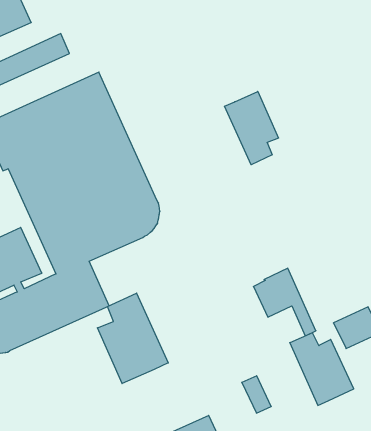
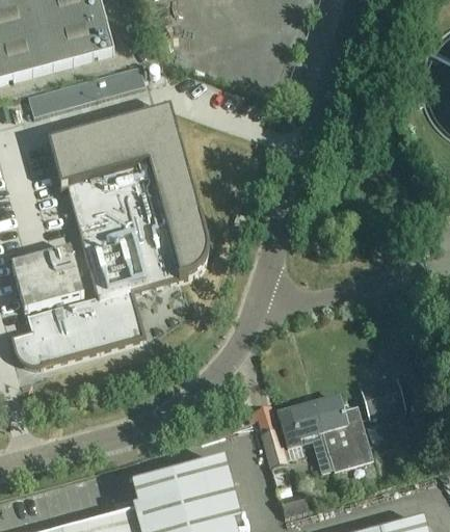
building: [225,91,279,165] -> none
building: [253,268,316,336] -> [277,400,332,469]
building: [97,293,168,384] -> none

